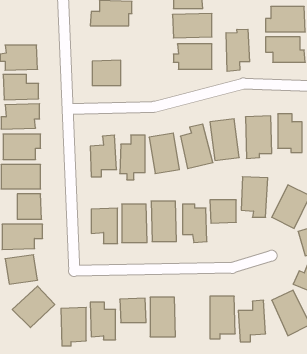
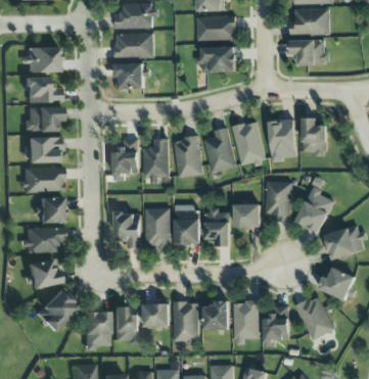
building: [226,29,250,71] -> none
building: none -> [116,33,153,57]
building: none -> [203,299,229,329]

